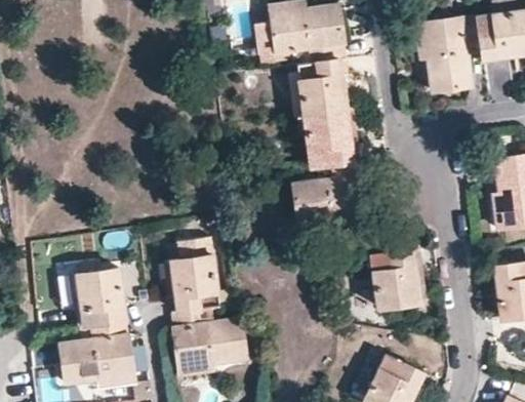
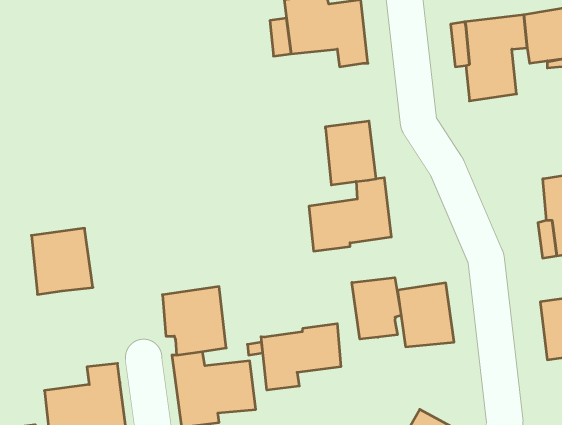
building: [301,58,346,114] -> none
building: none -> [352,278,401,339]
building: [74,268,127,325] -> [31,228,93,294]
building: none -> [261,324,341,390]

